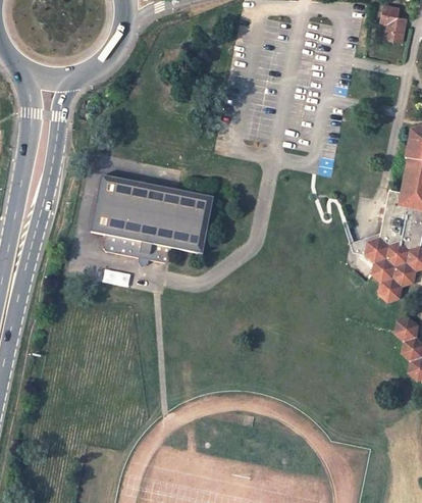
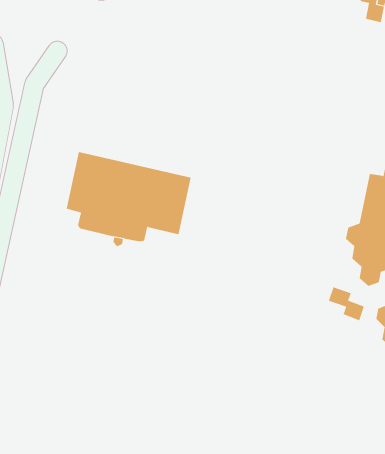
building: none -> [328,286,365,321]

